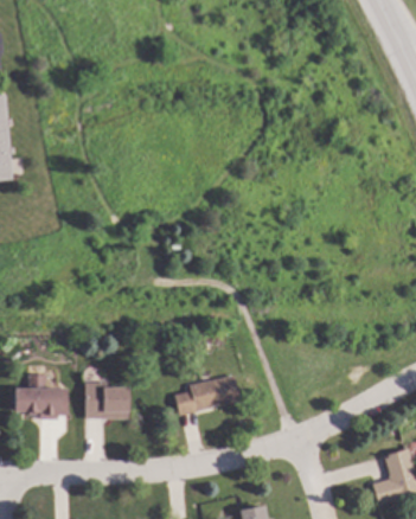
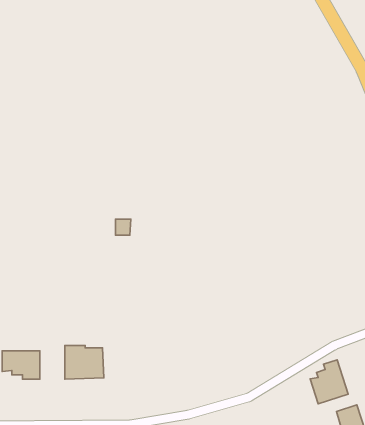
building: [174,374,239,416] -> none
building: none -> [310,360,348,404]

